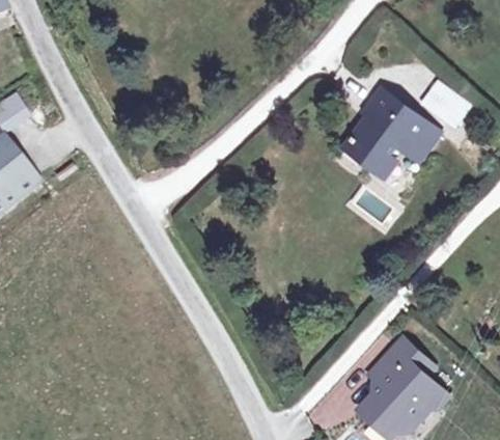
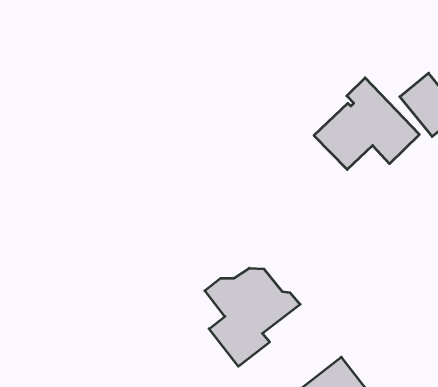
building: none -> [205,268,300,366]

